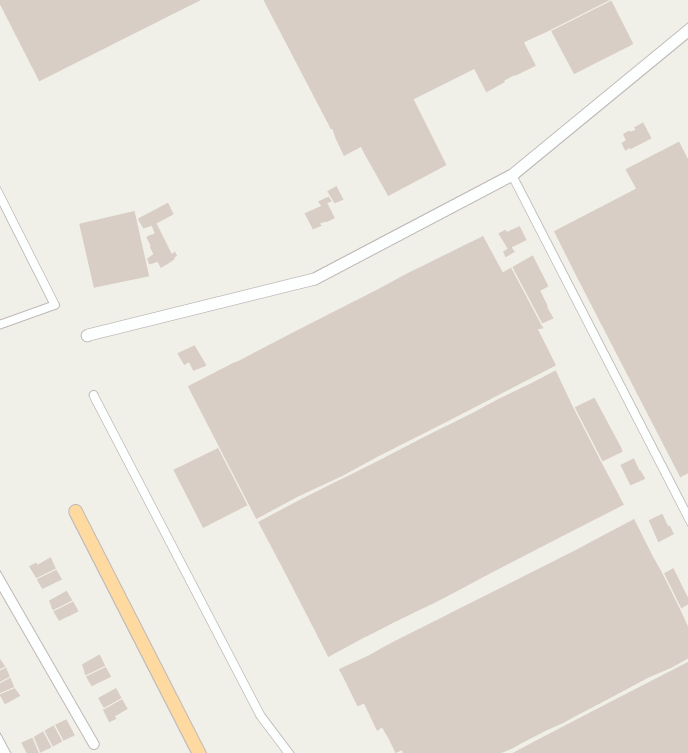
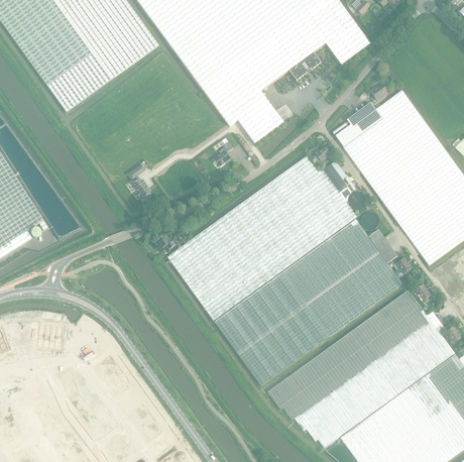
building: none -> [335,102,382,146]
building: [79,210,150,290] -> none
building: [173,446,248,529] -> none

